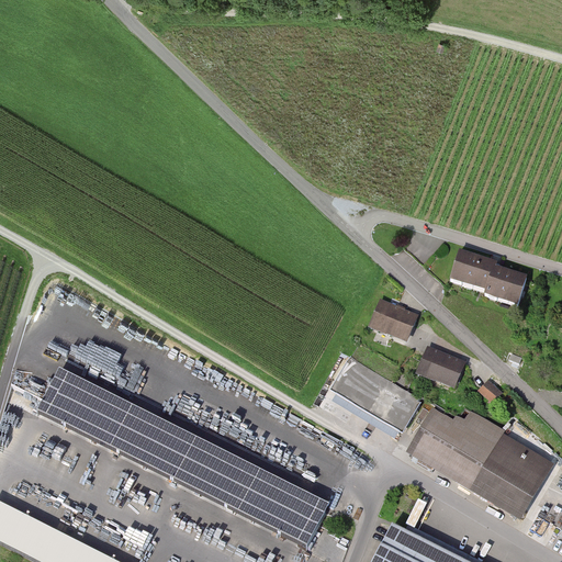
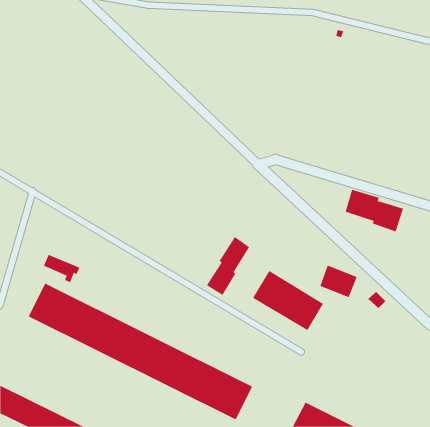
building: [371,301,417,340] -> none
building: none -> [206,236,250,296]
building: [407,398,552,518] -> none

